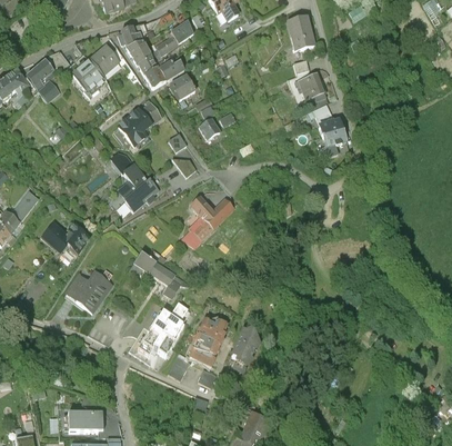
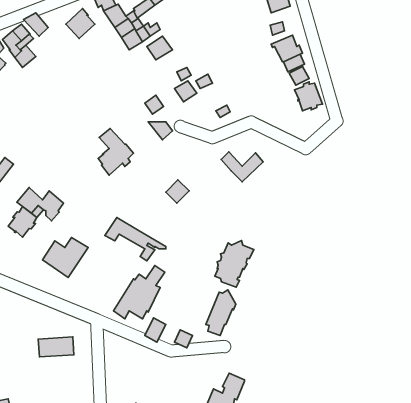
building: [72,60,103,89] -> none
building: [117,97,162,145] -> none
building: [191,197,233,227] -> [221,152,263,182]
building: none -> [8,207,37,237]
building: [190,316,229,363] -> [215,241,254,287]
building: [67,413,102,433] -> [38,337,74,357]

